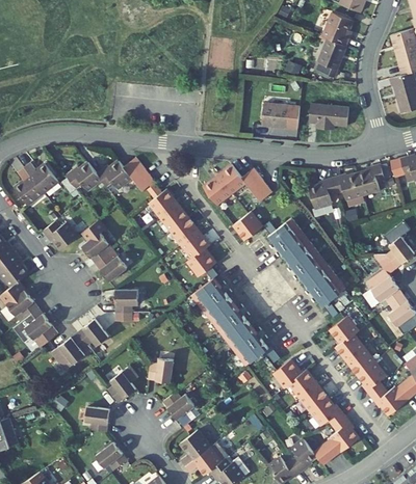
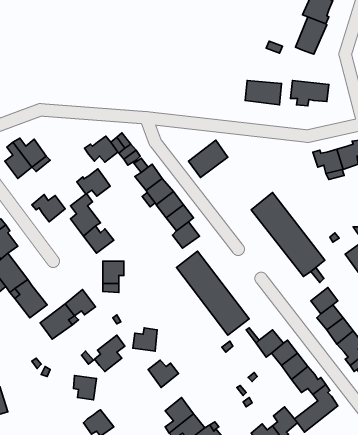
building: [67,162,101,190] -> [77,169,110,196]
building: [241,169,272,201] -> none
building: [309,178,337,208] -> none
building: [234,213,262,240] -> none

